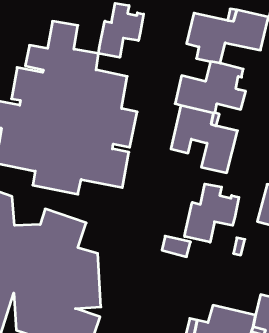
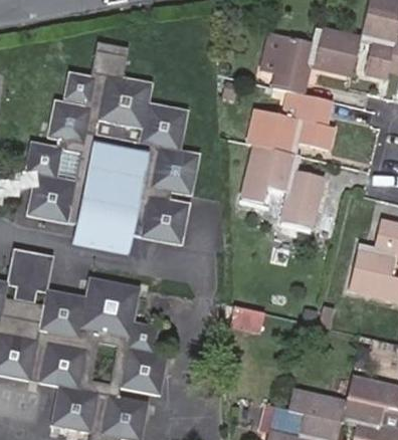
building: [99,3,144,57] -> none
building: [185,184,239,242] -> none

